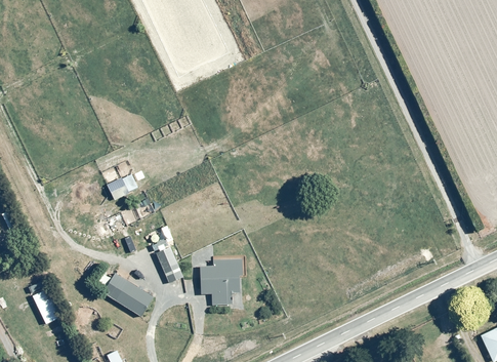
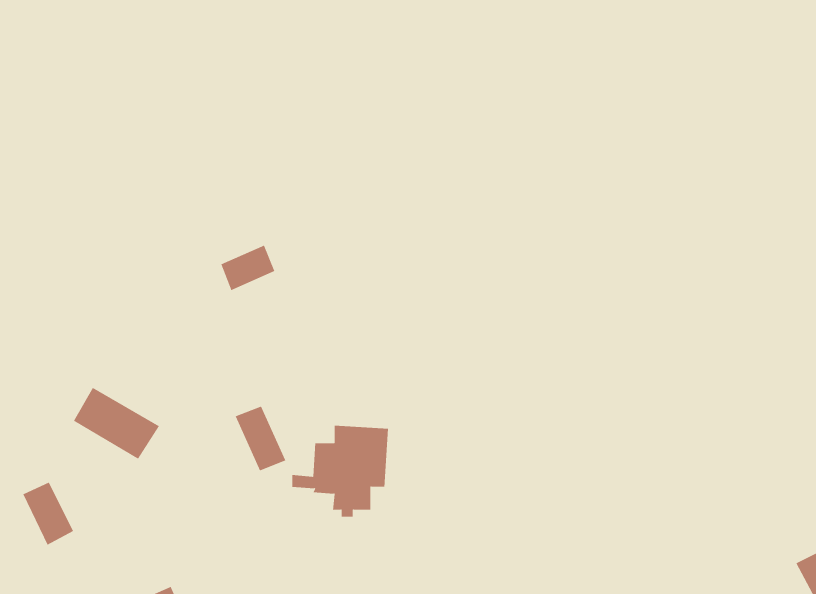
building: [107,172,138,199] -> [220,245,275,291]
building: [103,273,154,315] -> [73,387,160,460]

